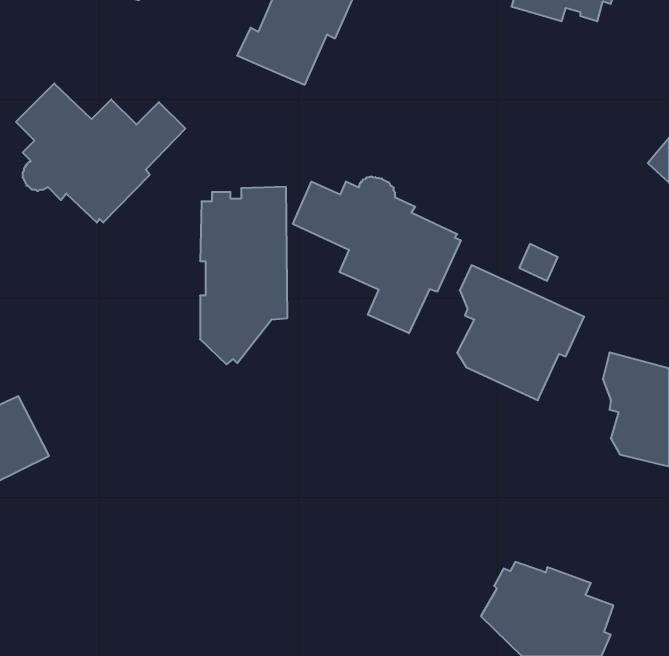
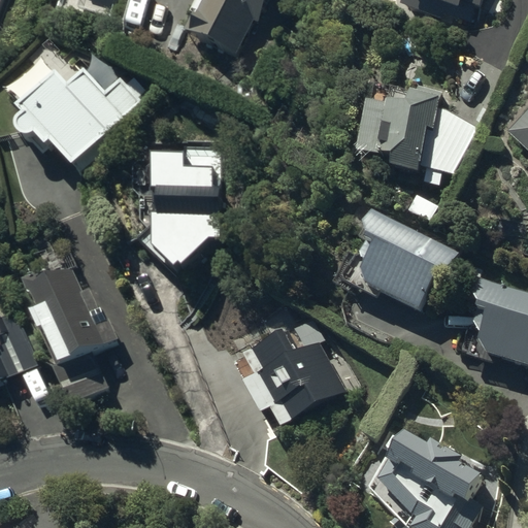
building: none -> [350,78,472,183]
building: [293,176,461,333] -> none
building: none -> [22,265,117,399]
building: none -> [232,326,346,429]

